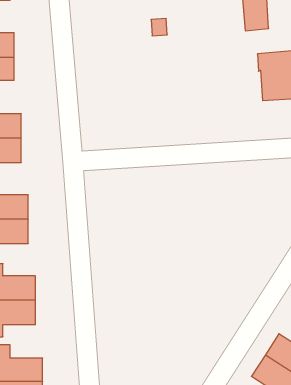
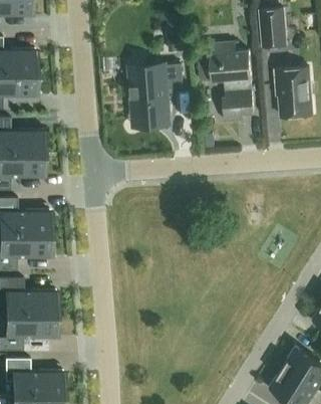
building: none -> [199,42,255,121]
building: none -> [129,64,184,120]

